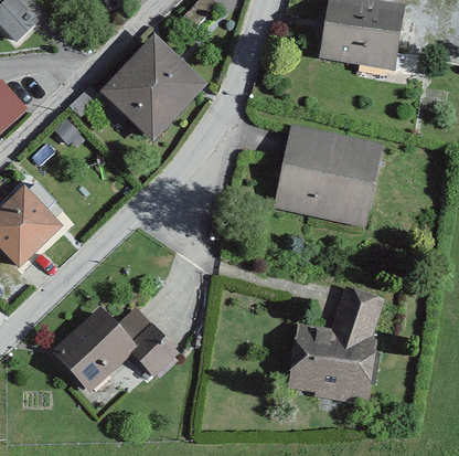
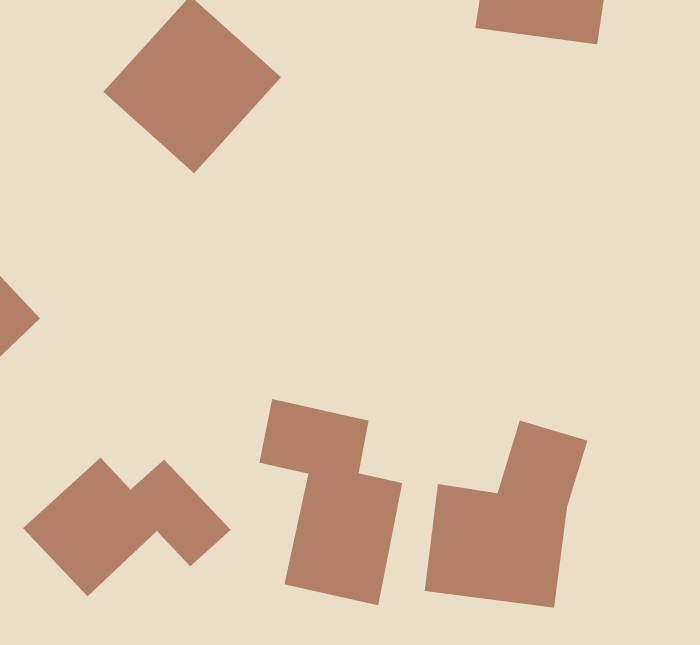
building: [273,127,385,226] -> none
building: none -> [259,398,403,606]

